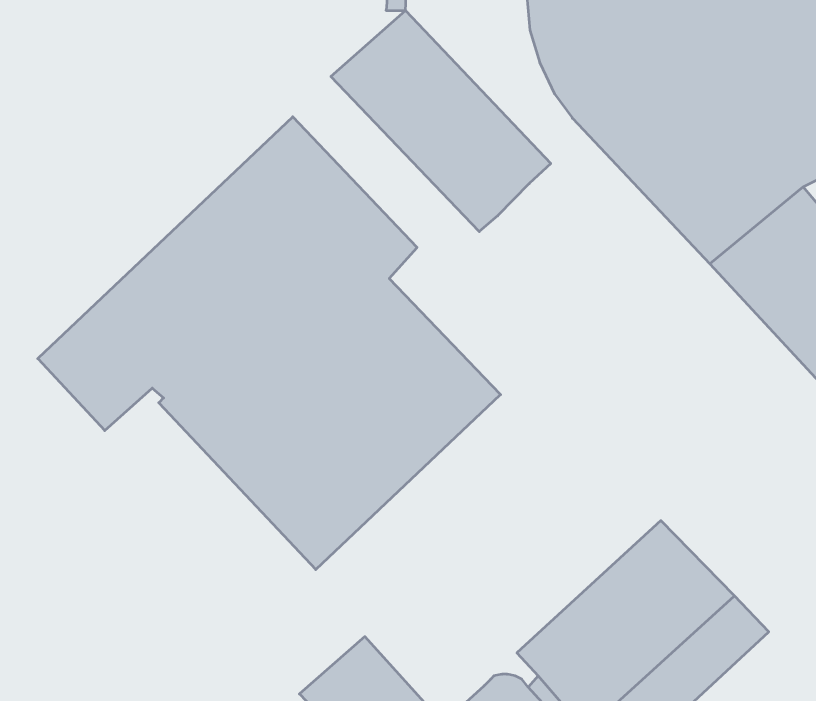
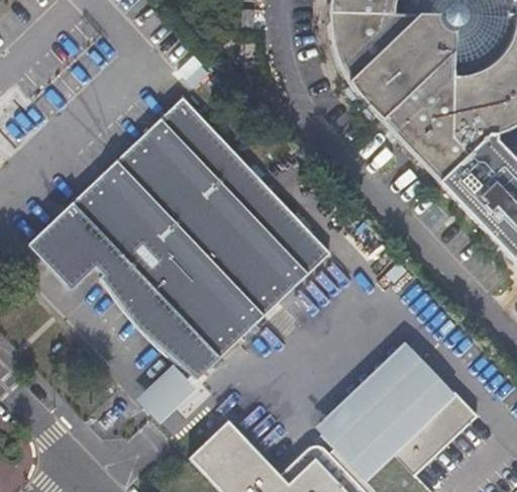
building: [331,10,551,232] -> none
building: none -> [243,178,329,269]
building: none -> [137,361,199,422]

